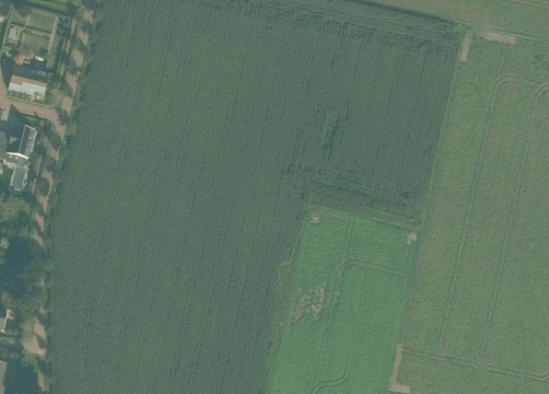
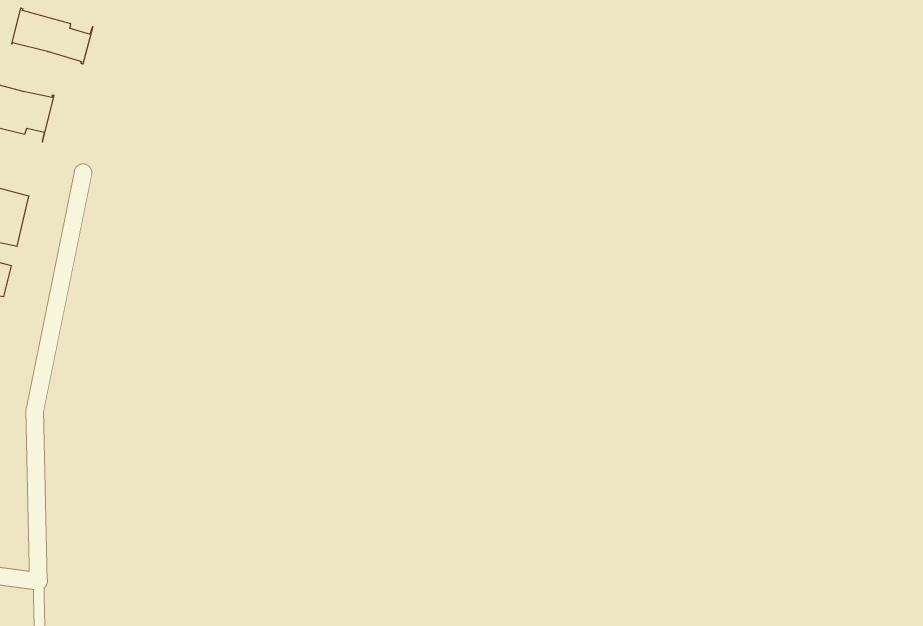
building: none -> [12,8,93,64]

